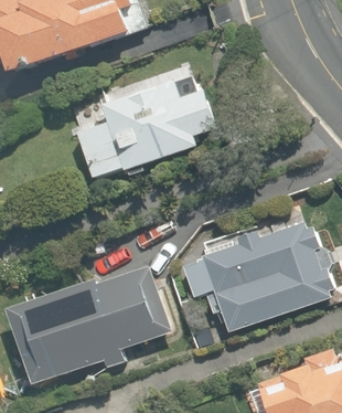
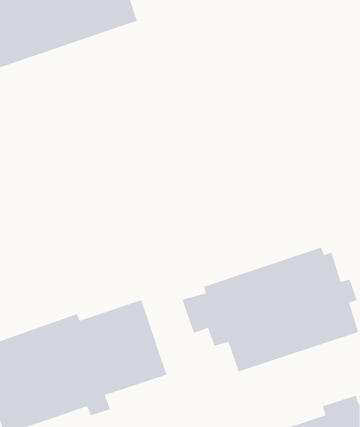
building: [78,78,214,180] -> none

